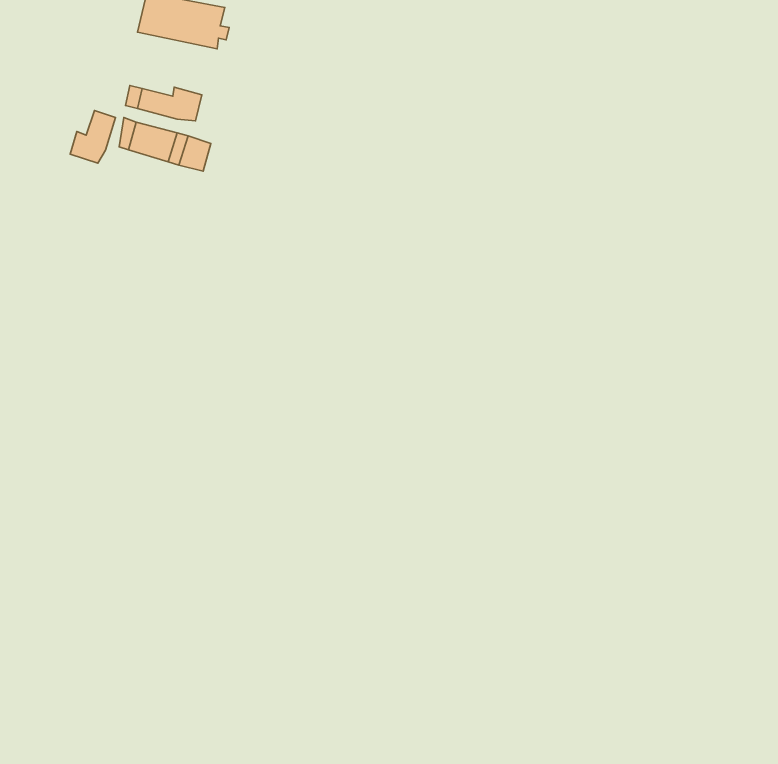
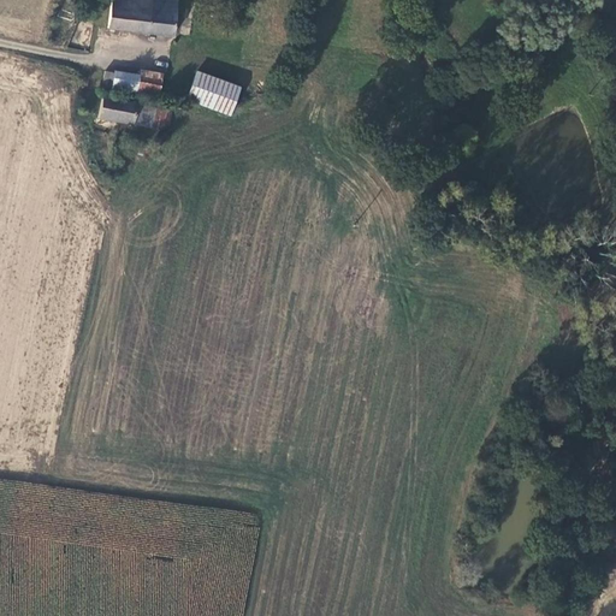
building: none -> [191,66,243,109]
building: [70,110,116,163] -> none

